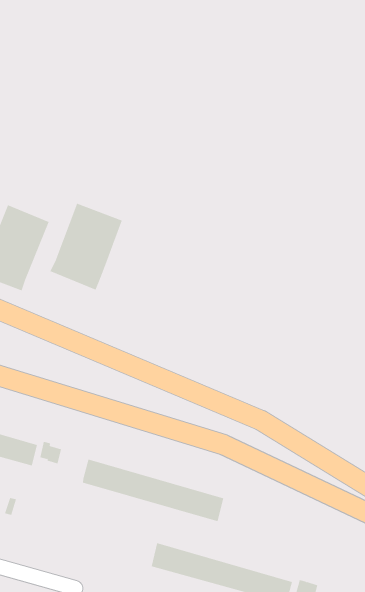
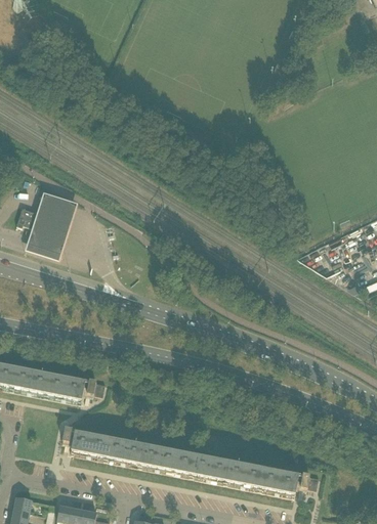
building: [50,203,123,291] -> none
building: [82,459,224,522] -> [72,429,186,471]

